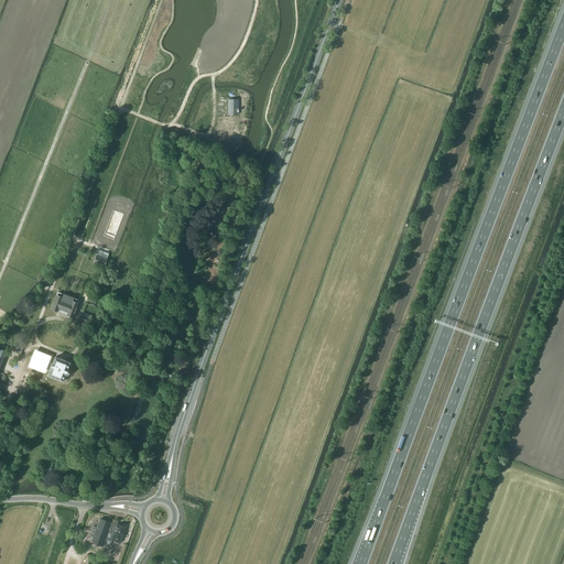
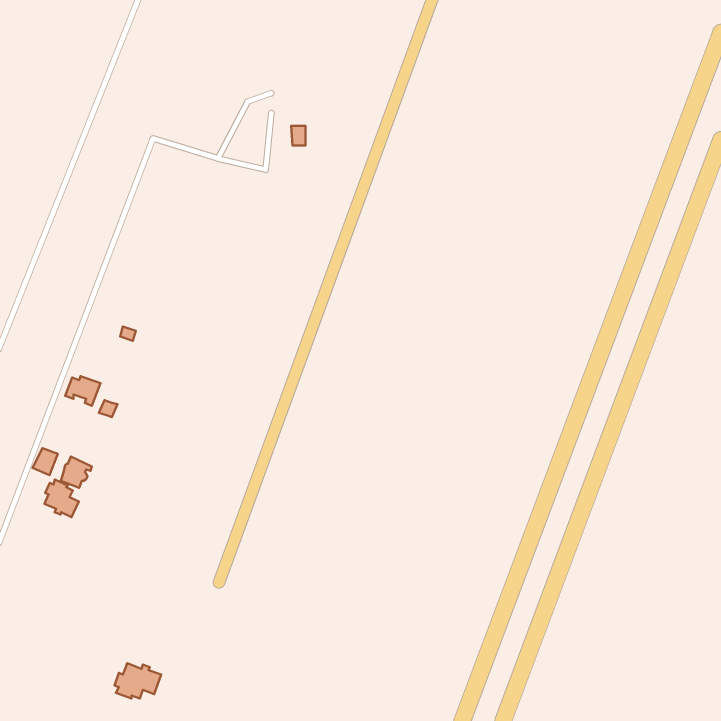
building: none -> [44,480,79,517]

